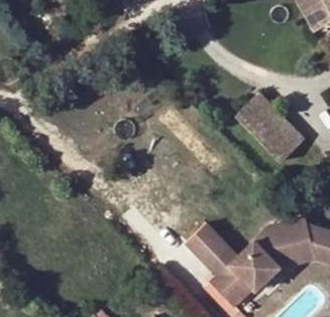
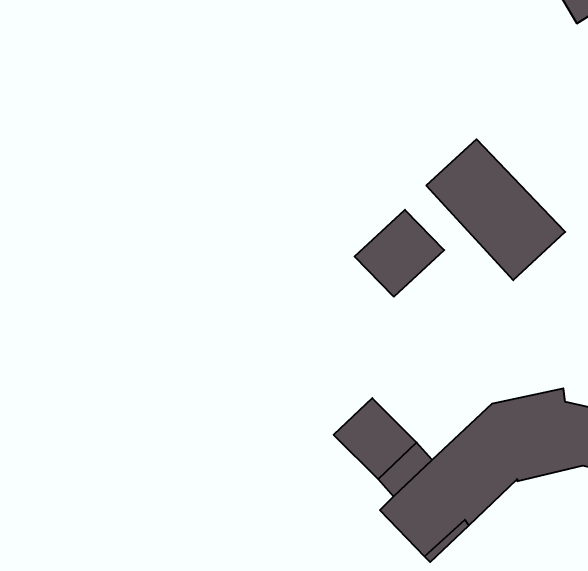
building: none -> [355,210,444,297]

